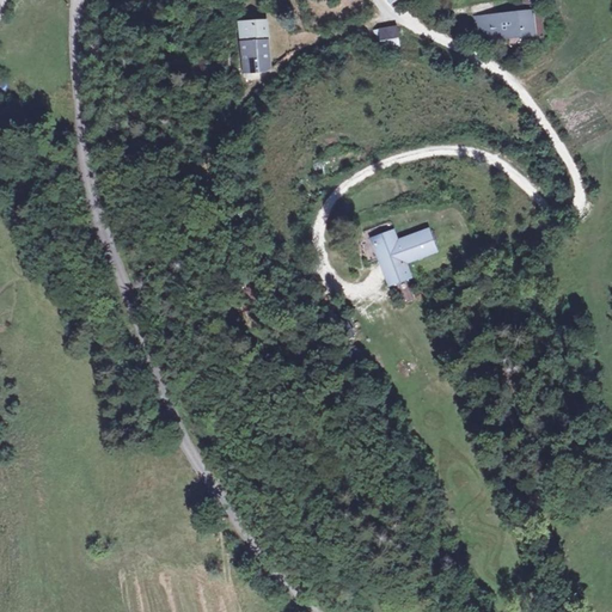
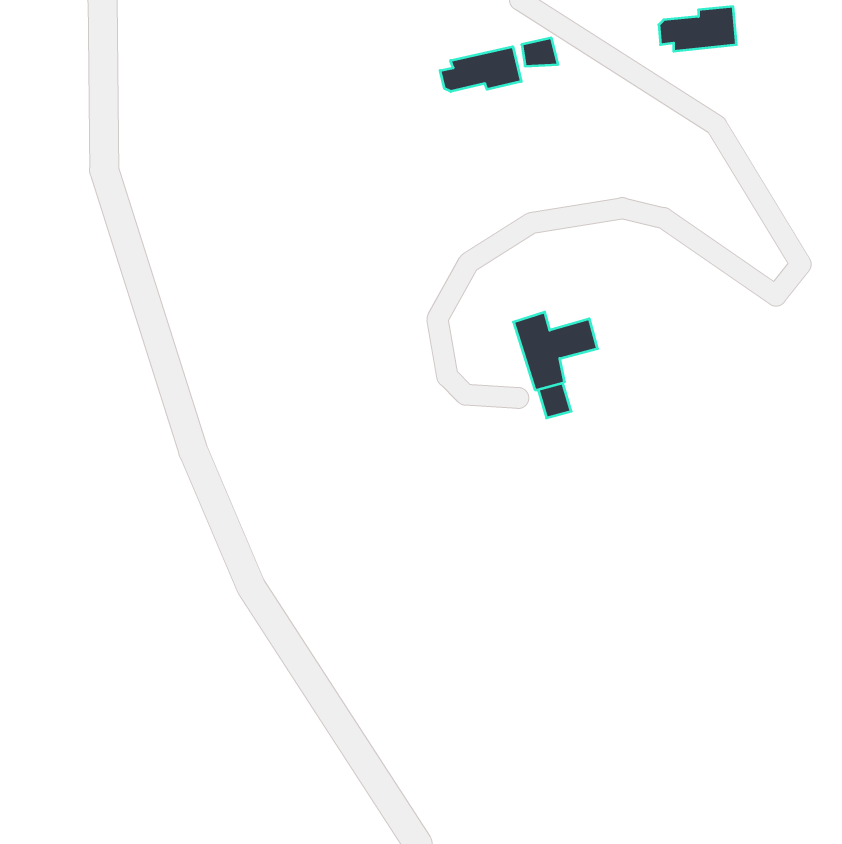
building: [237,22,271,72] -> none
building: none -> [440,47,521,92]

